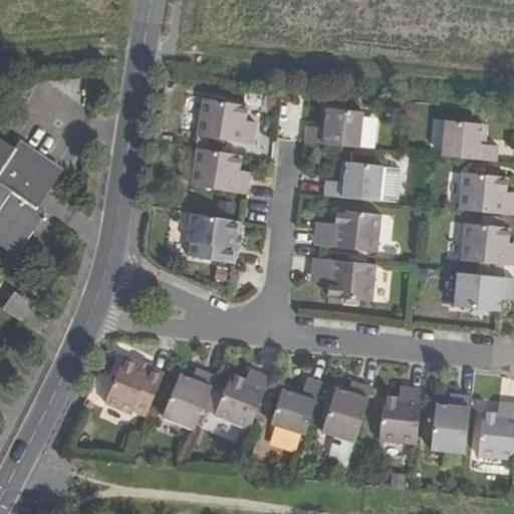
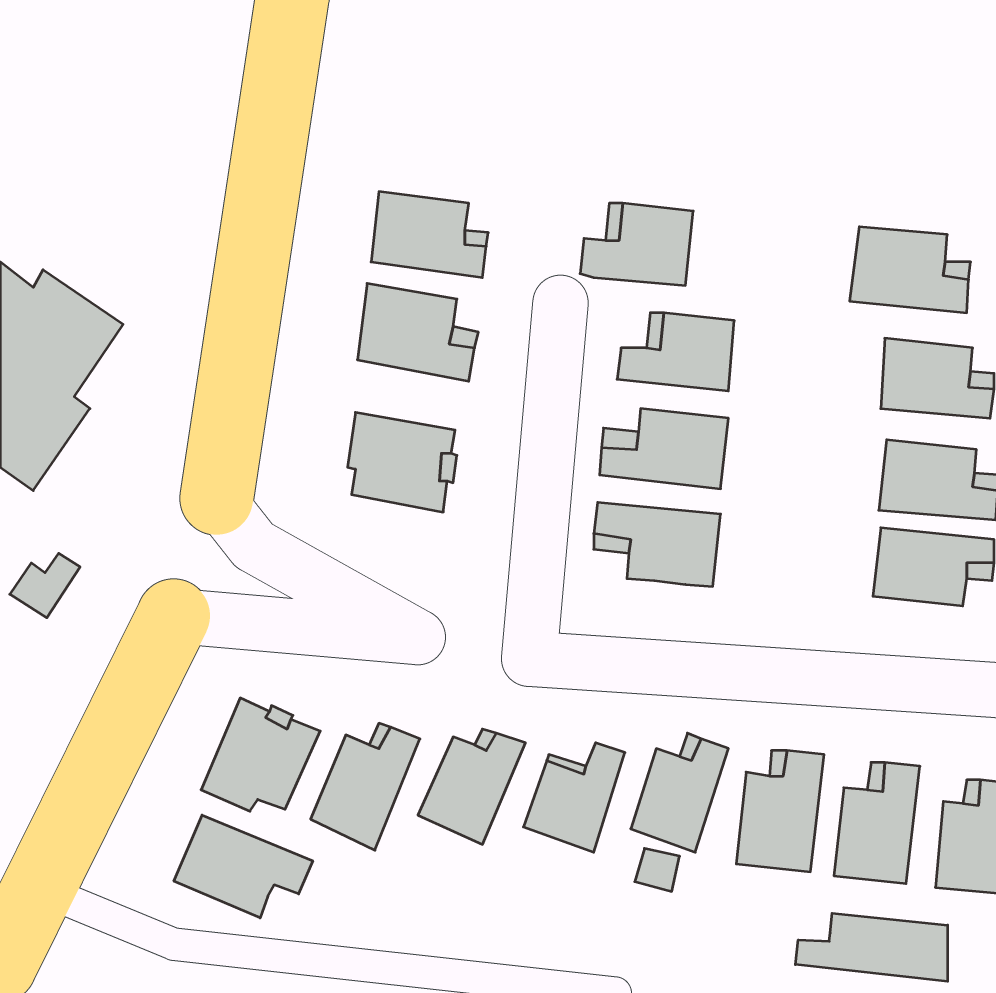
building: none -> [174,815,313,918]
building: none -> [795,913,948,981]

